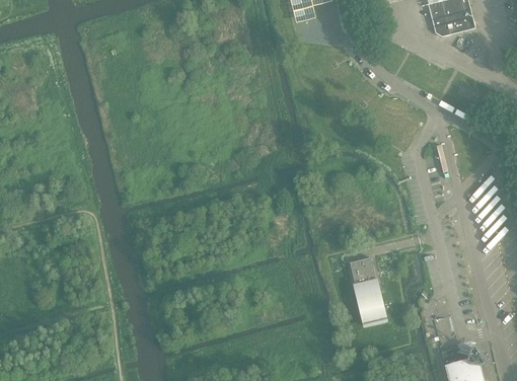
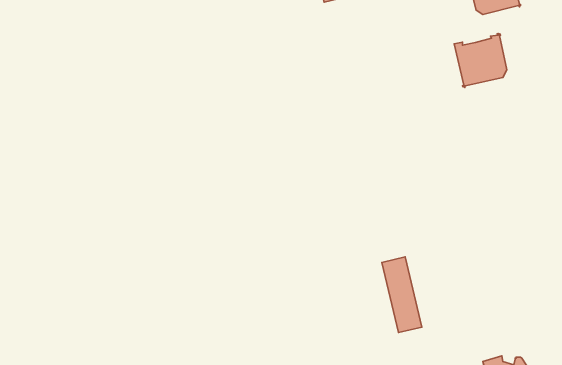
building: none -> [454,33,507,87]

